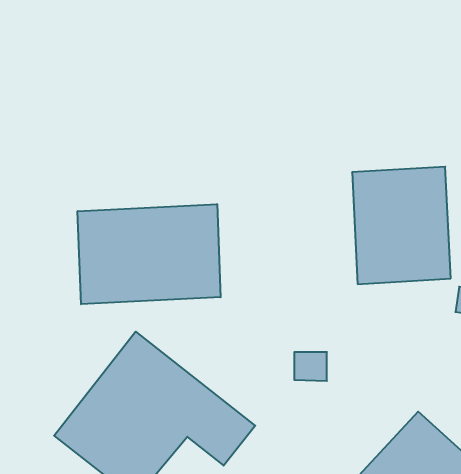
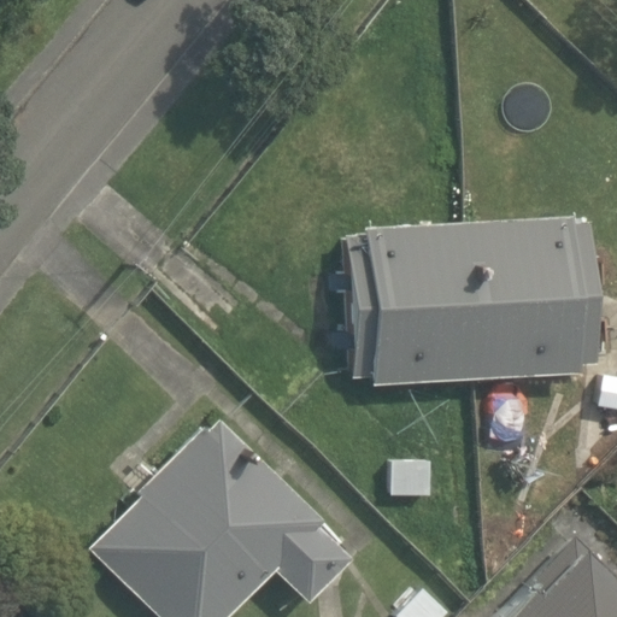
building: none -> [353,225,482,377]
building: [78,204,221,304] -> none

